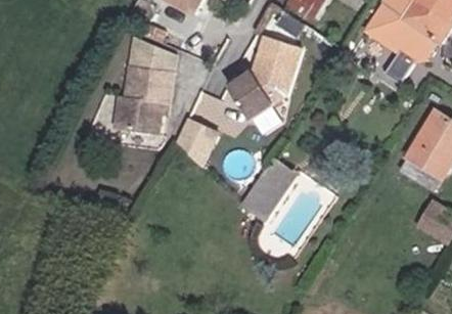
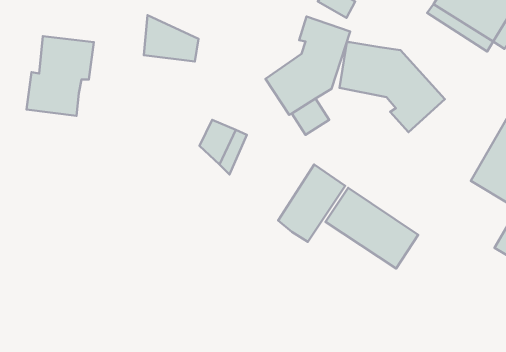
building: none -> [340,42,445,132]
building: [118,68,173,133] -> [27,36,94,116]
building: none -> [326,188,418,269]

